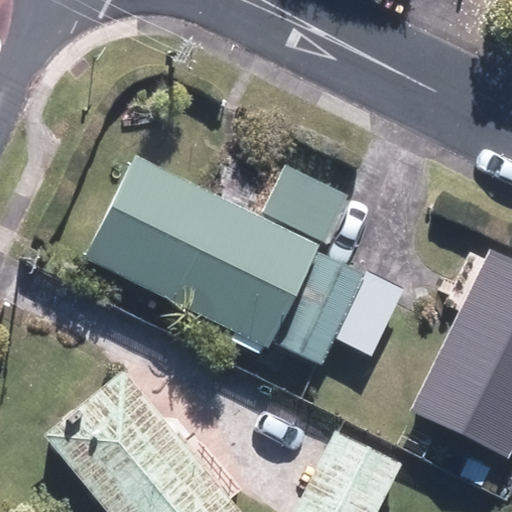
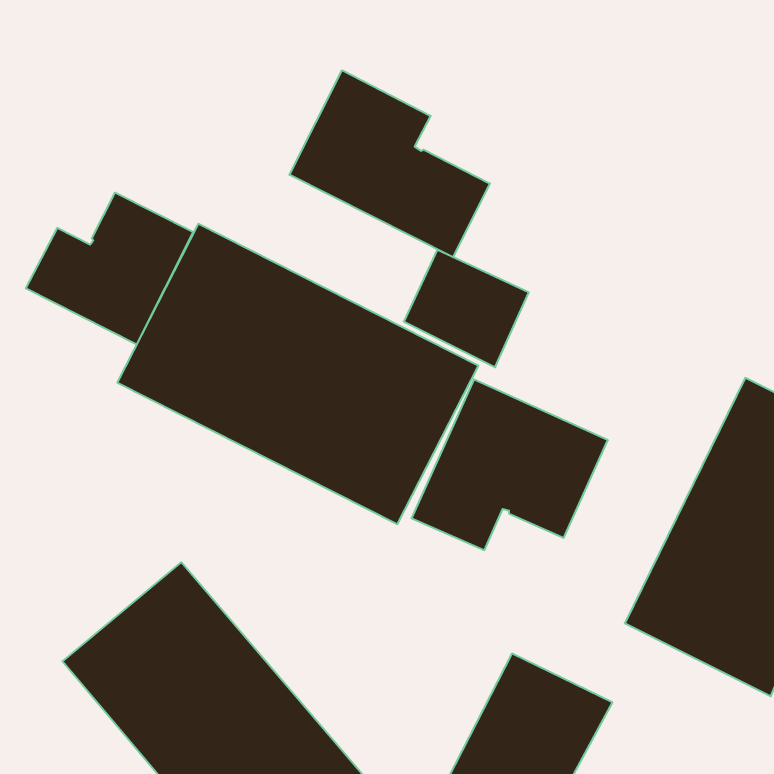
building: none -> [289,70,490,257]
building: none -> [26,193,193,345]

